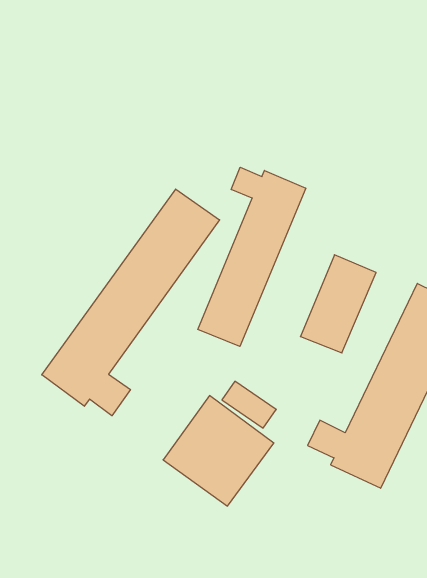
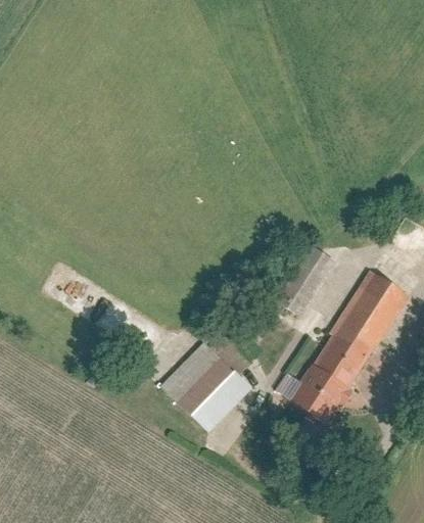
building: [198,167,306,346] -> none
building: [42,189,220,416] -> none

